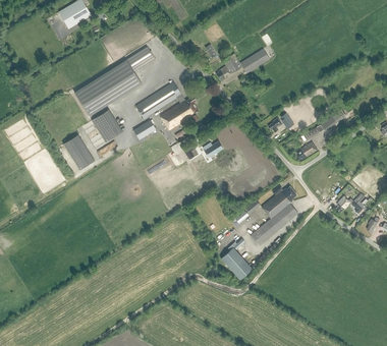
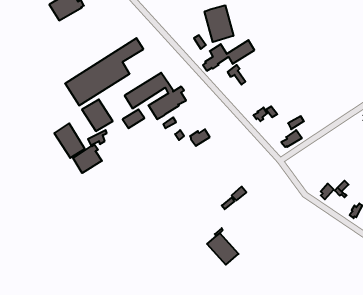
building: none -> [205,5,233,42]
building: none -> [73,145,102,173]
building: [250,184,297,244] -> none

